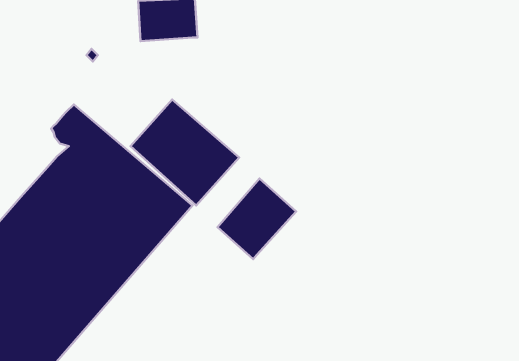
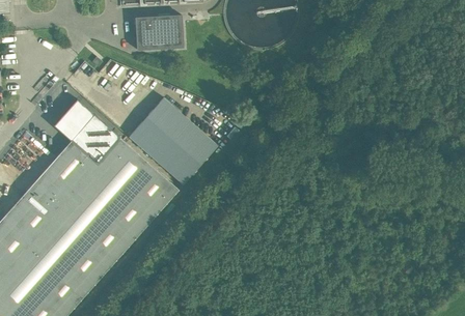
building: [218,178,296,259] -> none

